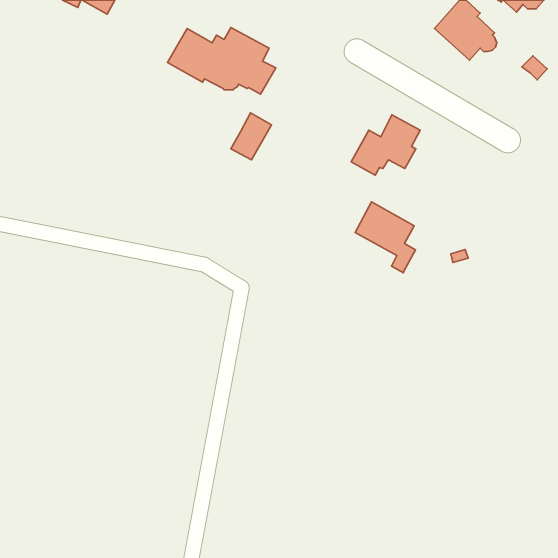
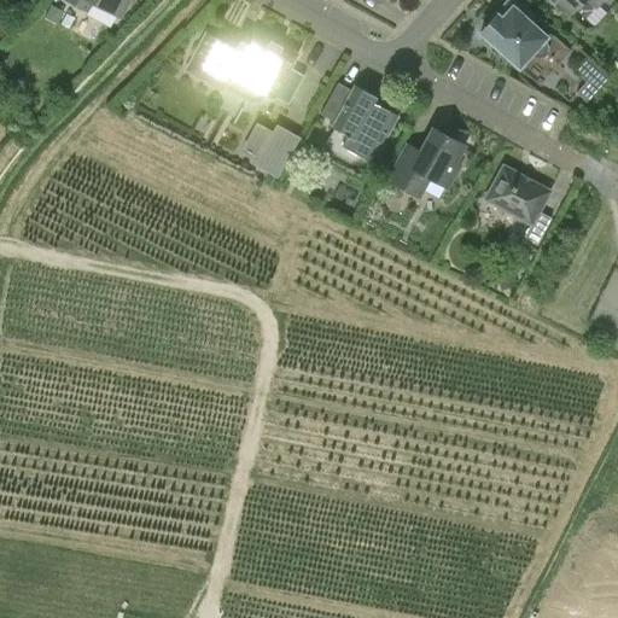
building: none -> [321,83,398,163]
building: [355,202,415,273] -> [485,165,552,244]

